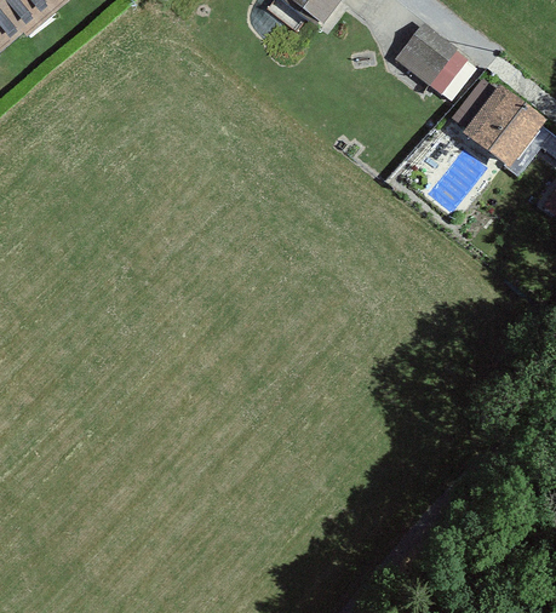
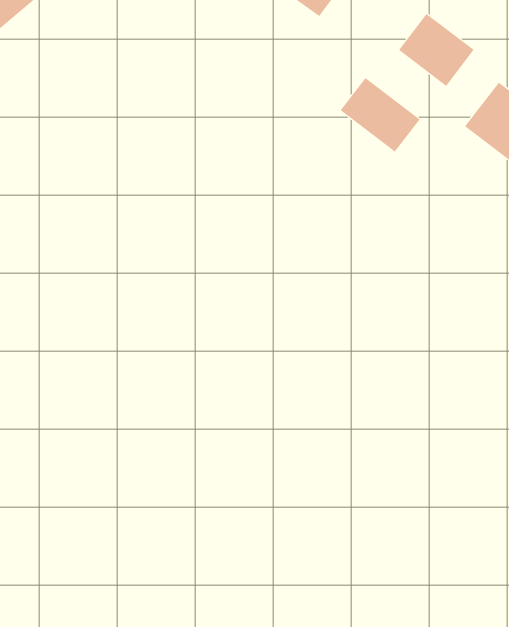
building: none -> [340,77,420,152]

